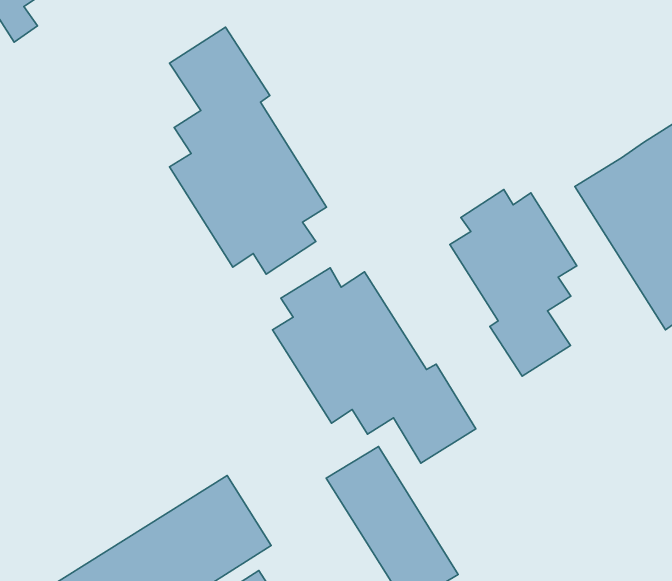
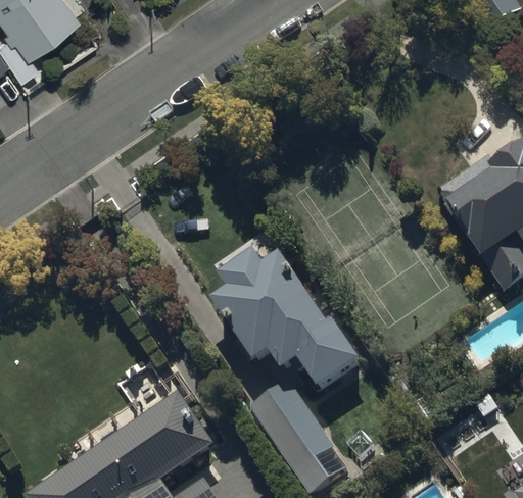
building: [169,27,327,274] -> none
building: [450,190,577,376] -> none

